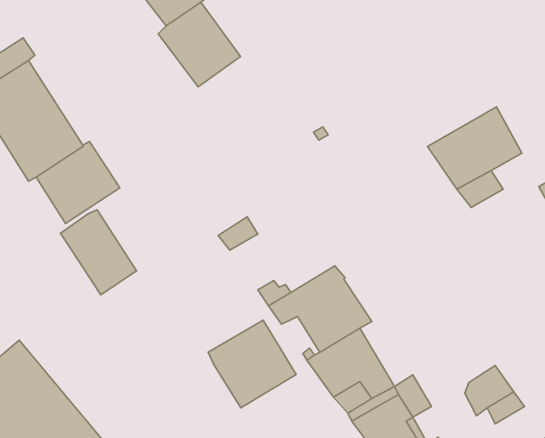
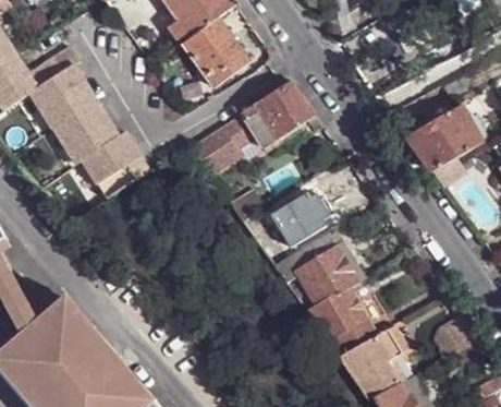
building: none -> [191,81,314,176]
building: [60,210,137,295] -> none
building: none -> [269,194,323,248]
building: [208,320,296,408] -> none

